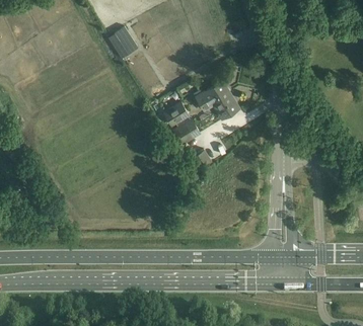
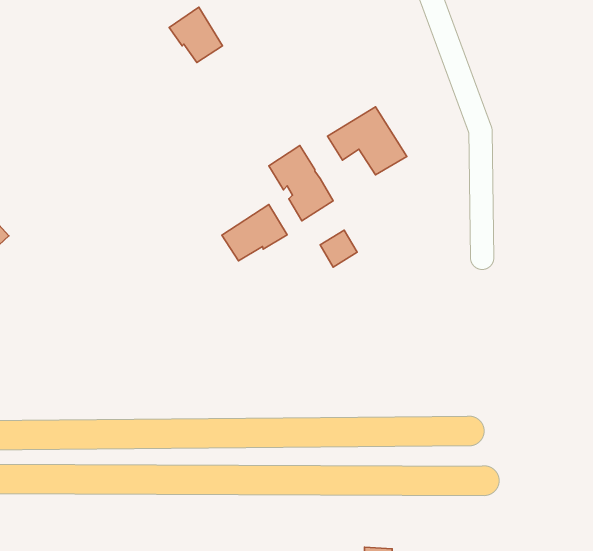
building: none -> [222,204,287,261]

